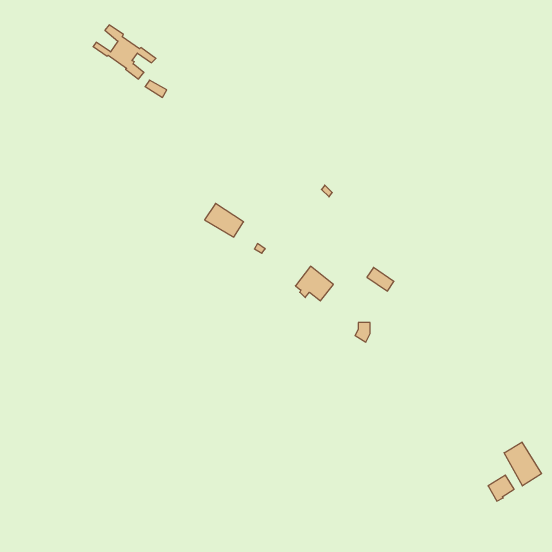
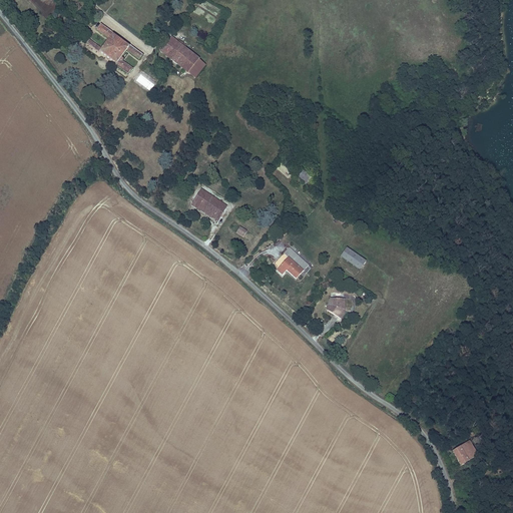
building: none -> [160,35,206,78]
building: [504,442,542,486] -> none

